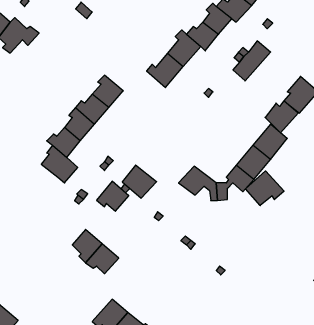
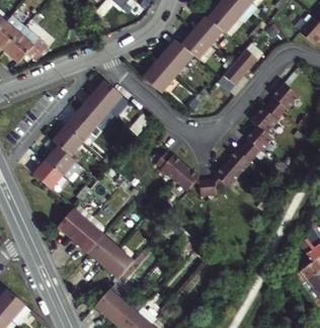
building: none -> [32,162,62,189]
building: [122,165,157,198] -> [155,149,186,179]
building: [245,171,284,206] -> none
building: [97,181,129,211] -> [58,209,87,236]
building: none -> [104,248,133,277]

